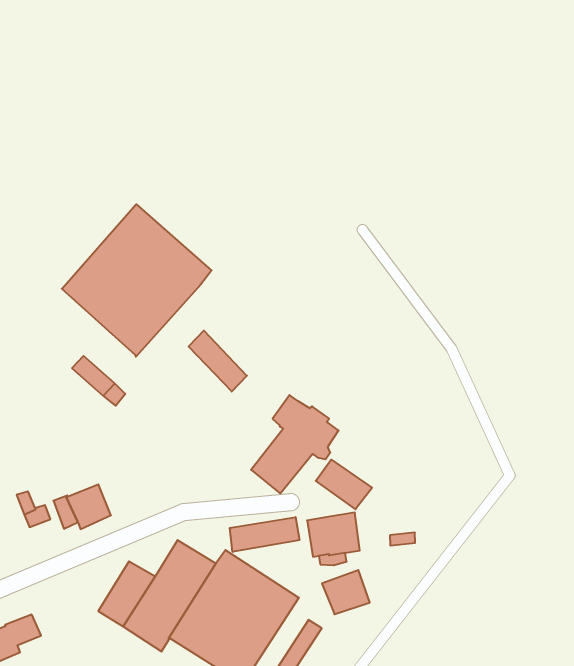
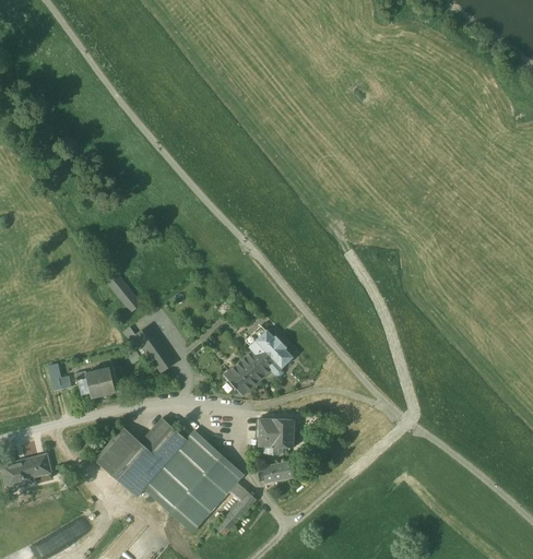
building: [62,204,212,357] -> none
building: [189,331,247,392] -> [135,324,175,372]
building: [316,460,372,509] -> none
building: [230,517,299,552] -> none

